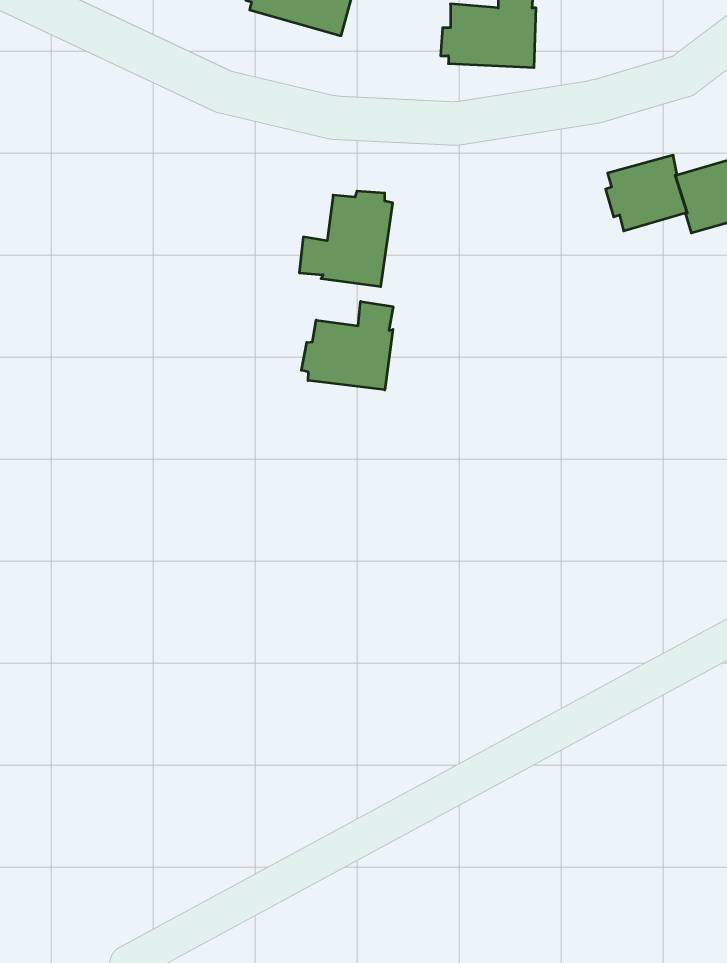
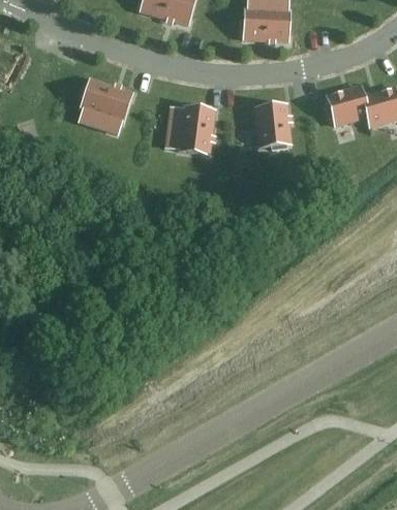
building: none -> [80,78,131,133]
building: none -> [254,104,289,149]
building: [301,301,393,390] -> none

